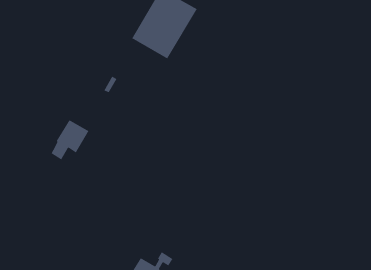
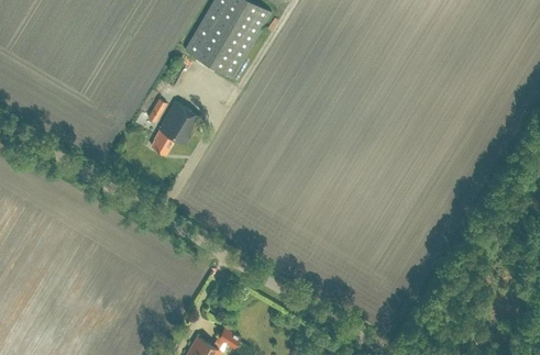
building: [51,119,90,160] -> [151,101,201,155]

